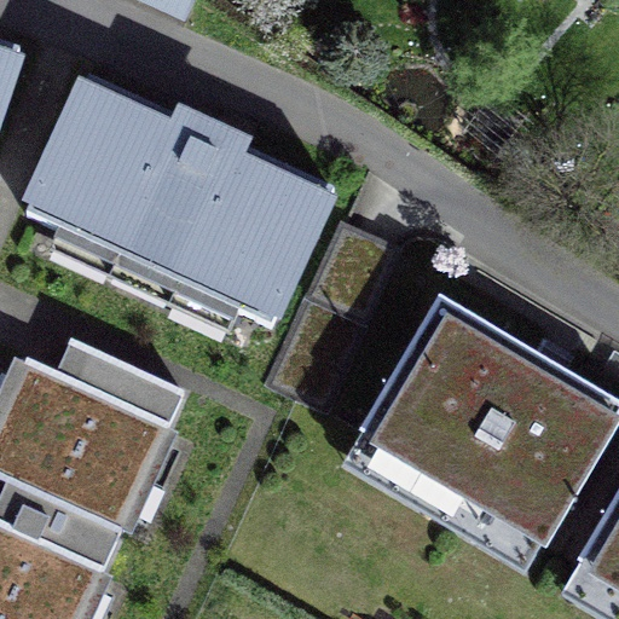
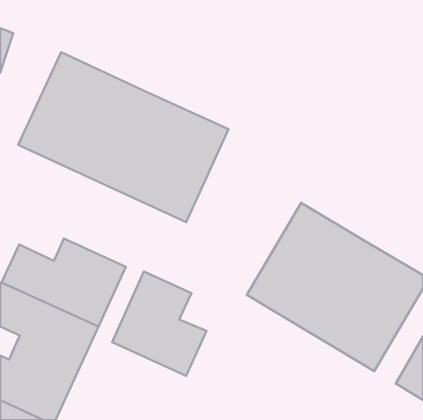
building: none -> [112,272,206,376]

